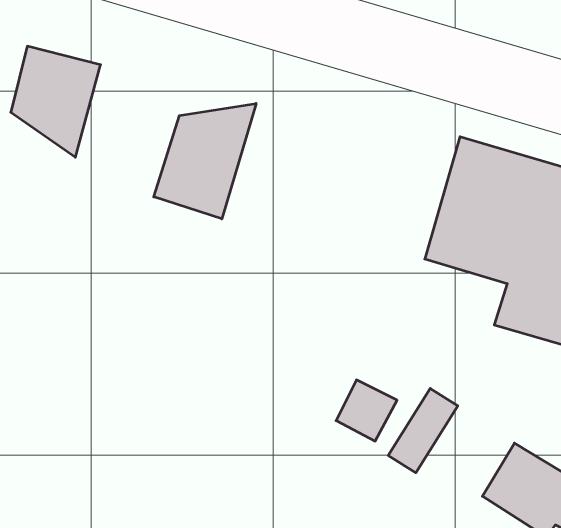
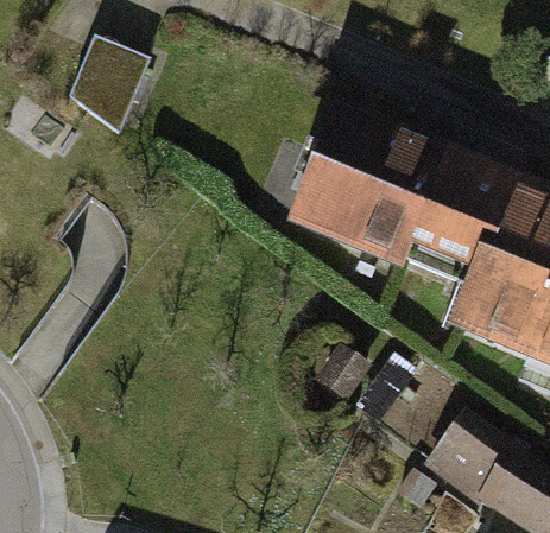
building: none -> [302,114,441,254]
building: [154,103,256,219] -> none

